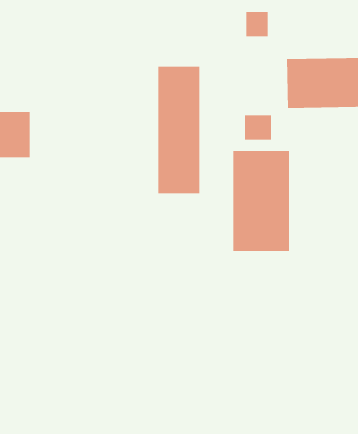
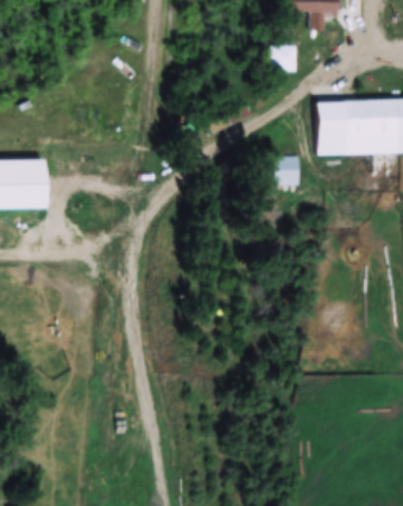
building: [158,66,200,194] -> none
building: [233,150,289,252] -> none

